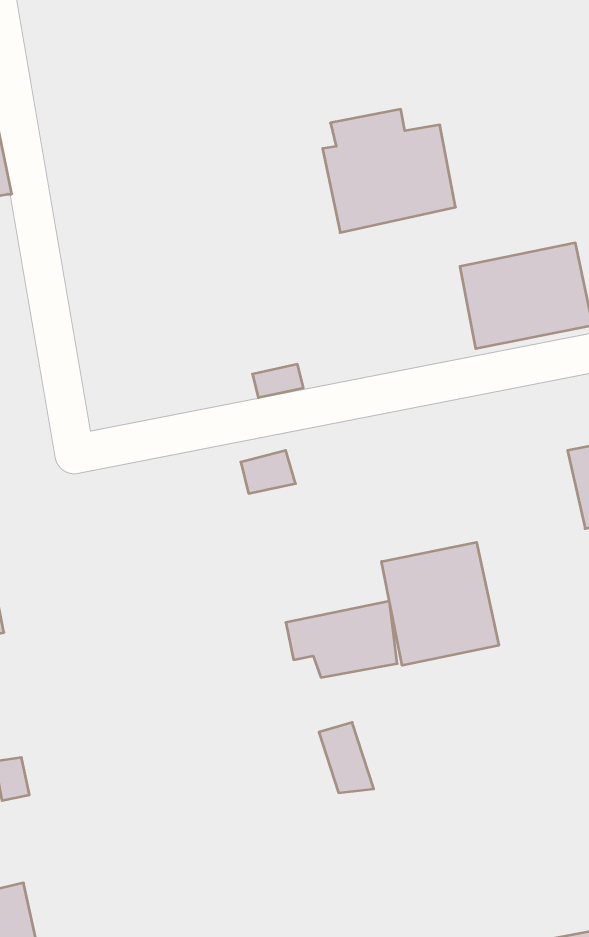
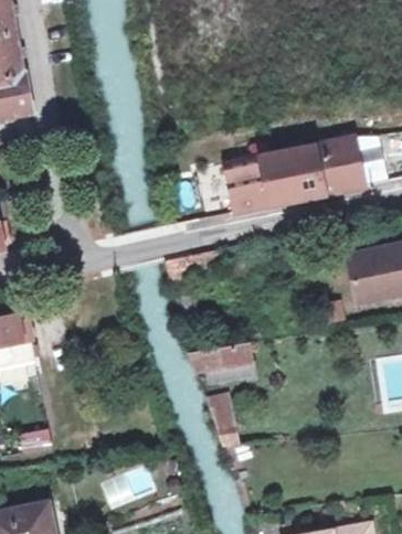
building: [323,109,456,233] -> [223,142,298,212]
building: [382,542,499,665] -> none

